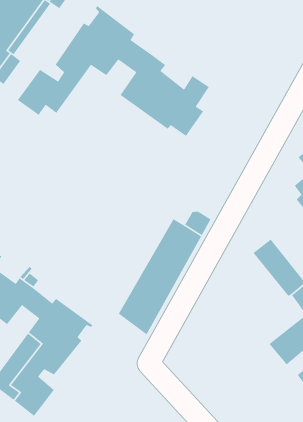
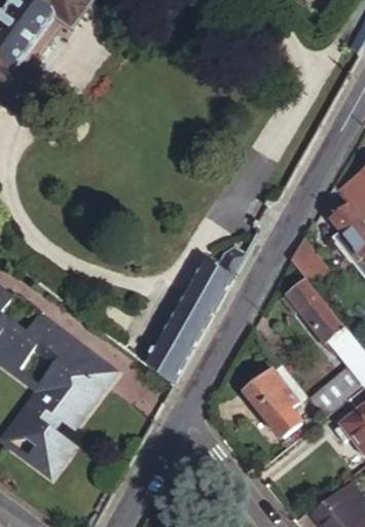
building: [17,5,210,137] -> none
building: none -> [290,238,328,283]
building: none -> [246,373,308,437]

